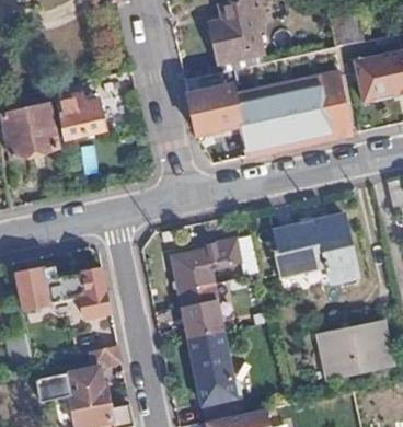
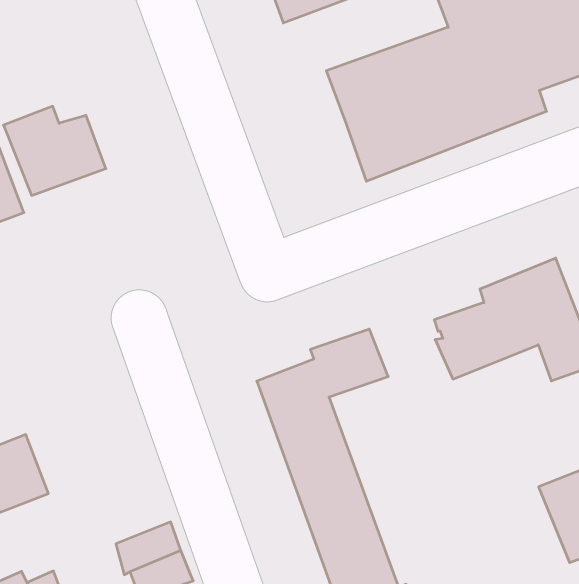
building: [187,84,241,132] -> none
building: [78,269,111,319] -> none

